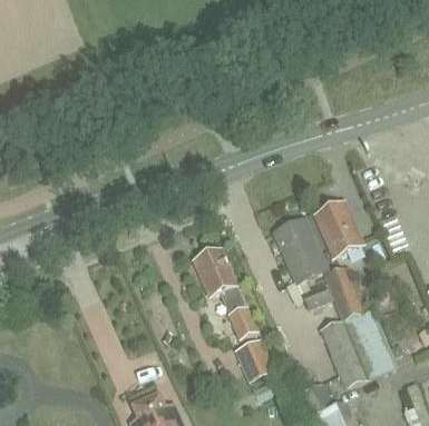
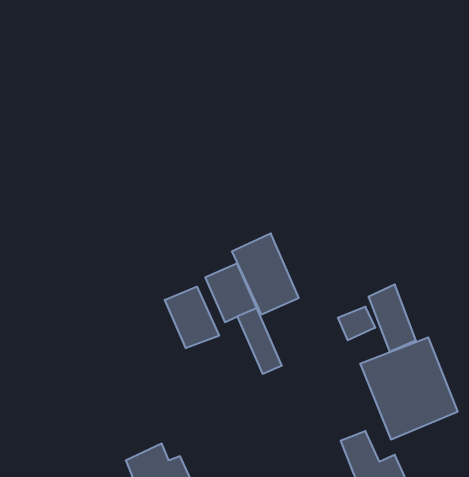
building: [314,199,362,256] -> none
building: [273,217,326,281] -> [232,233,299,314]
building: none -> [165,287,219,348]
building: [234,338,273,382] -> none

